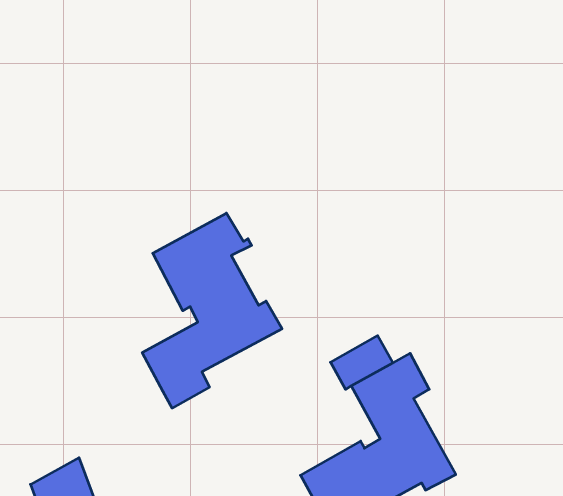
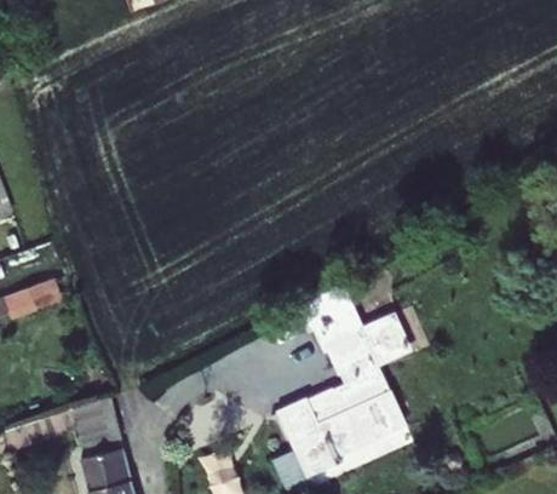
building: [142,213,282,408] -> none
building: none -> [306,292,357,333]

